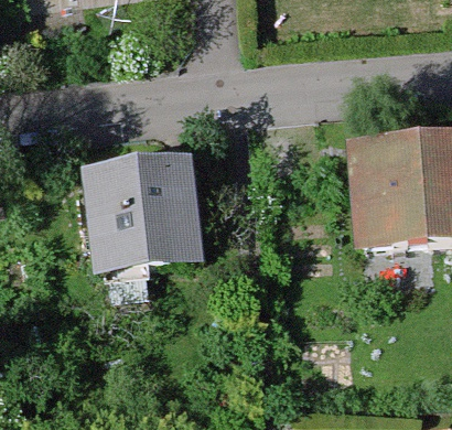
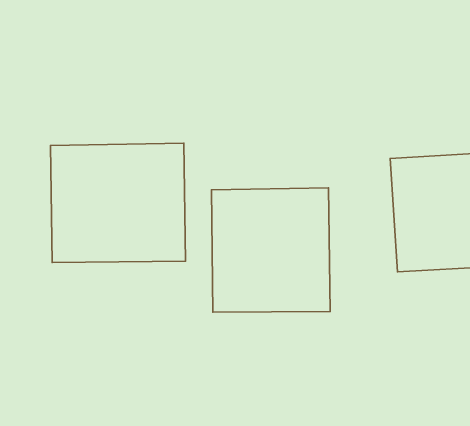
building: none -> [212,188,330,312]

